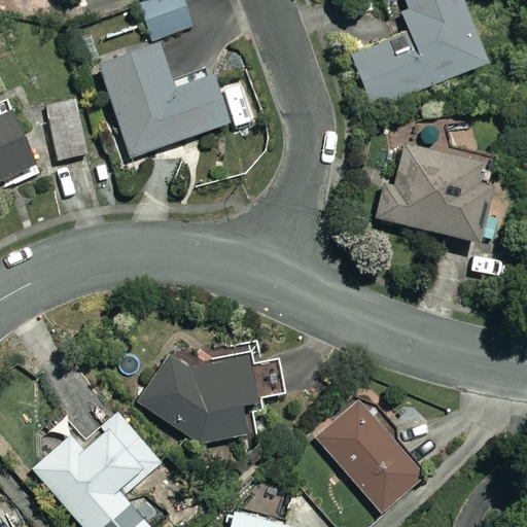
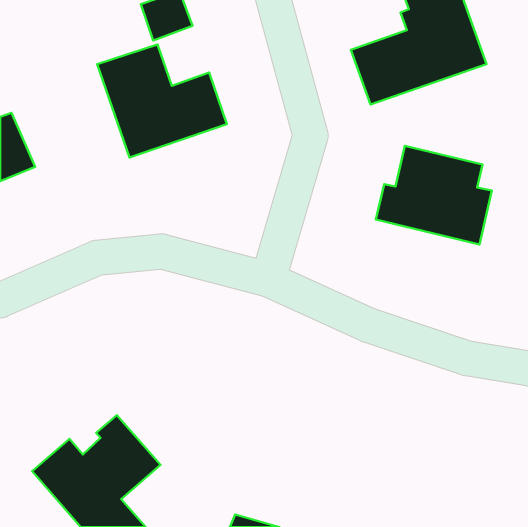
building: [46,99,91,160] -> none
building: [133,353,285,444] -> none
building: [317,399,426,514] -> none

